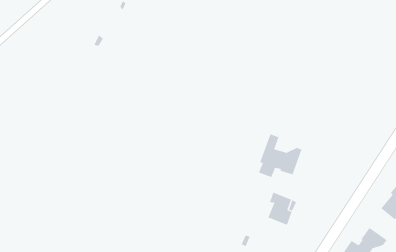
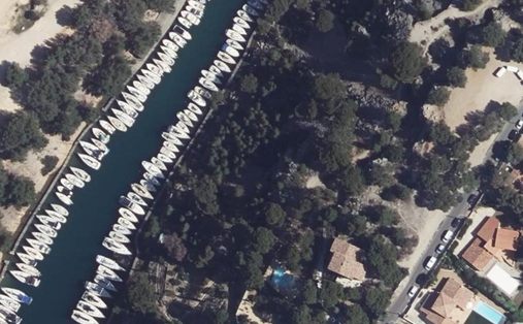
building: [258,134,302,178] -> none

